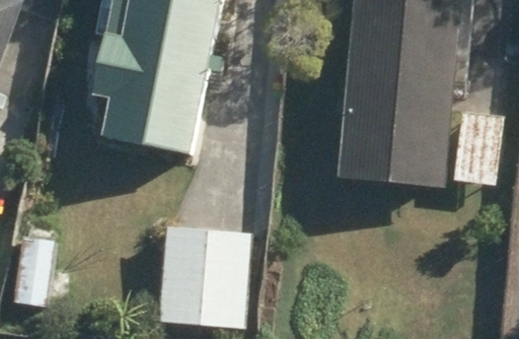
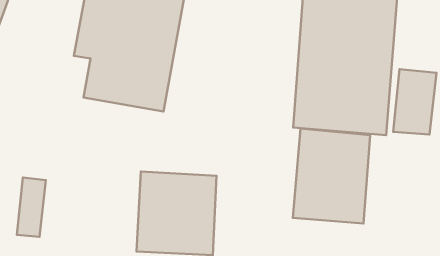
building: none -> [293,129,370,223]

